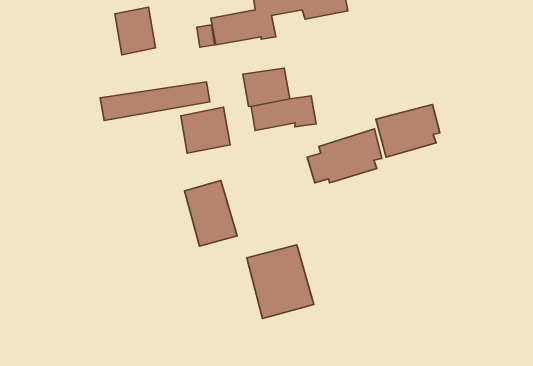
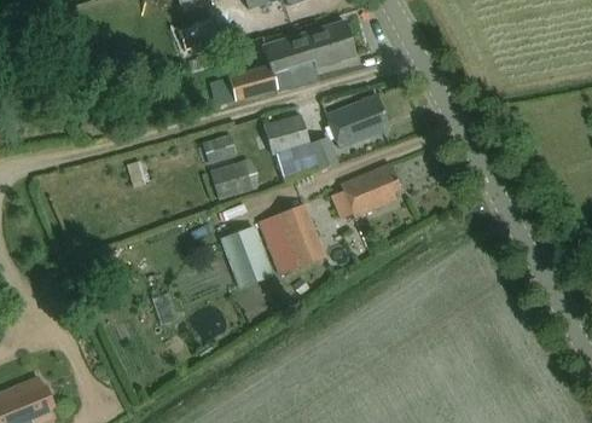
building: [115,7,156,55] -> none
building: [376,104,440,157] -> [326,94,387,147]
building: [247,245,314,319] -> [259,203,325,274]

